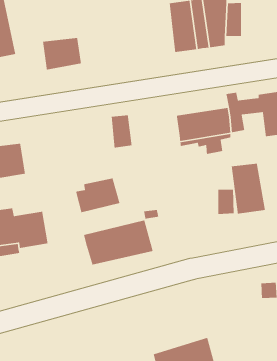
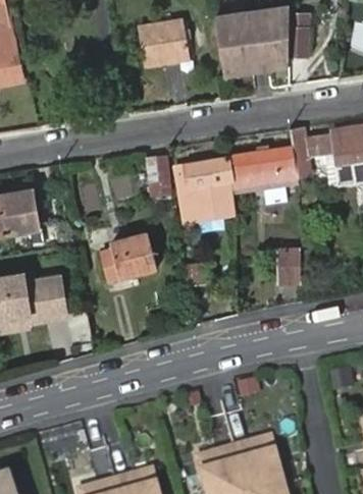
building: [42,37,82,70] -> [140,21,190,63]
building: none -> [175,158,232,223]
building: [231,163,266,214] -> none
building: [83,220,154,265] -> none

